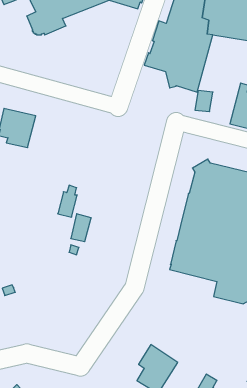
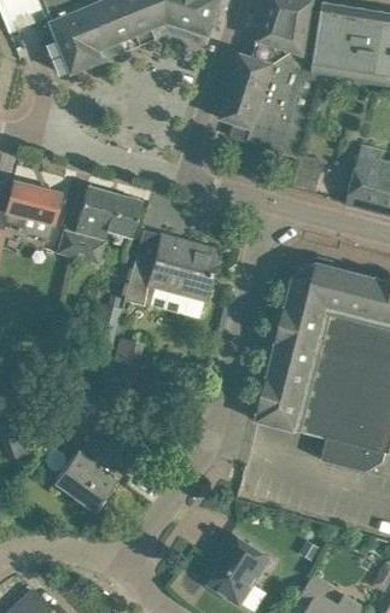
building: none -> [58,186,141,257]
building: none -> [123,234,215,306]
building: none -> [53,422,124,512]

